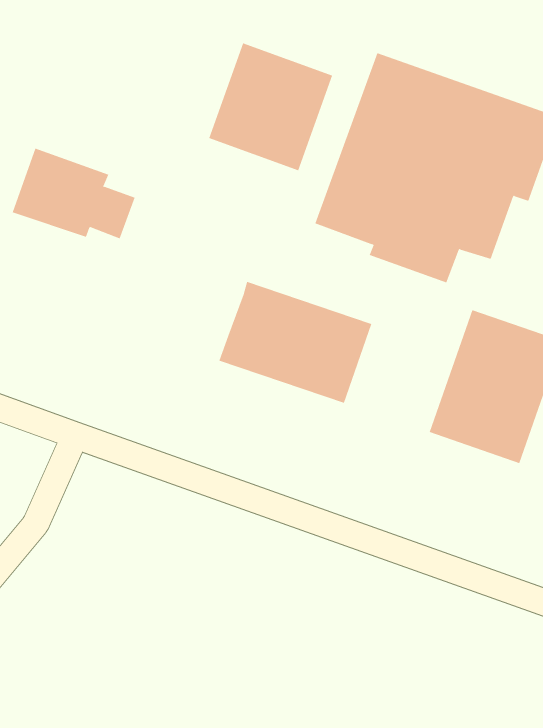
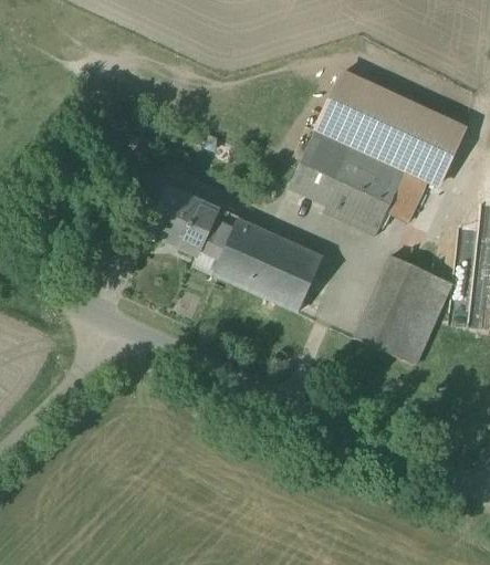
building: [208,42,333,171] -> none
building: [12,148,136,239] -> [149,188,236,257]

